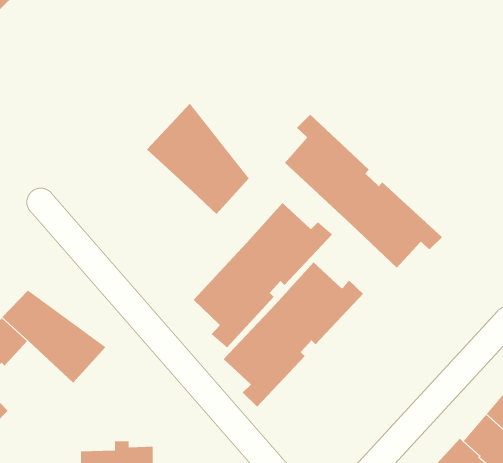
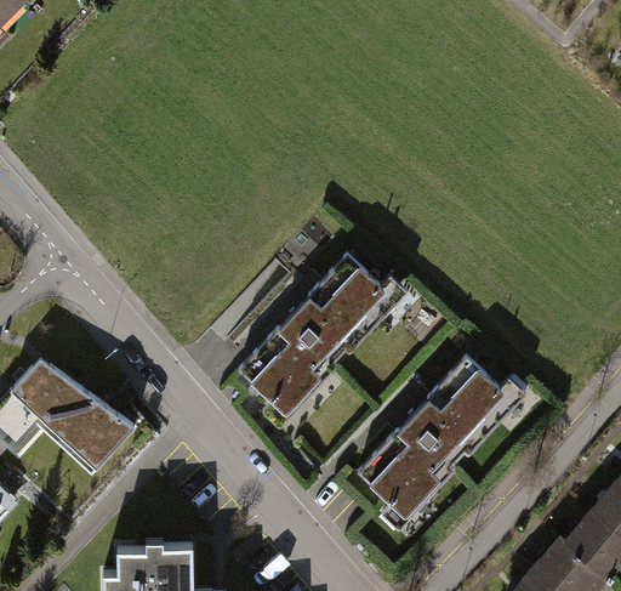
building: [146,103,250,215] -> none
building: [284,114,443,268] -> none
building: [223,261,364,408] -> [358,354,528,530]

